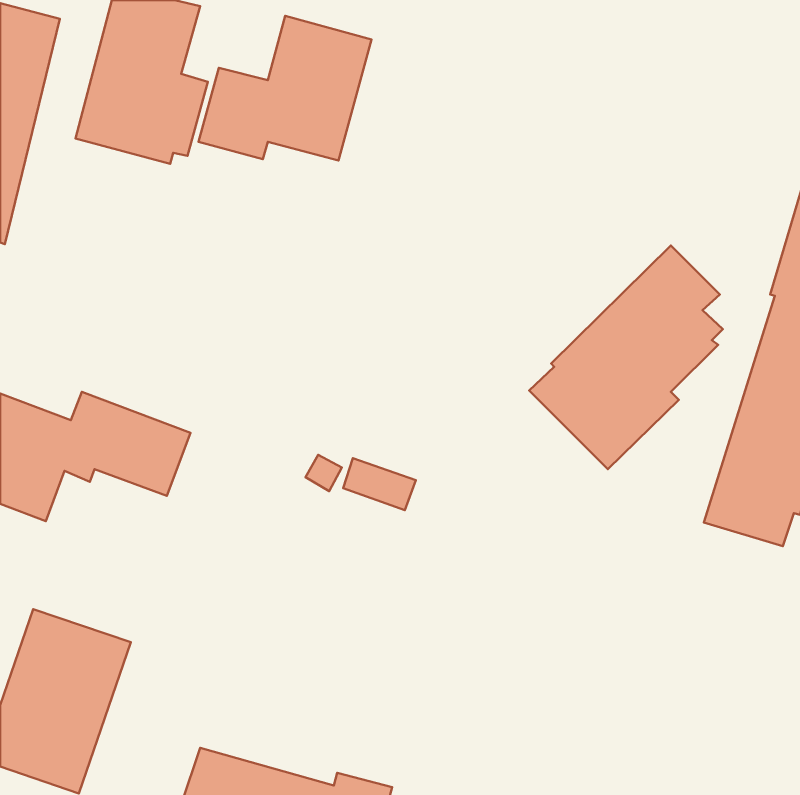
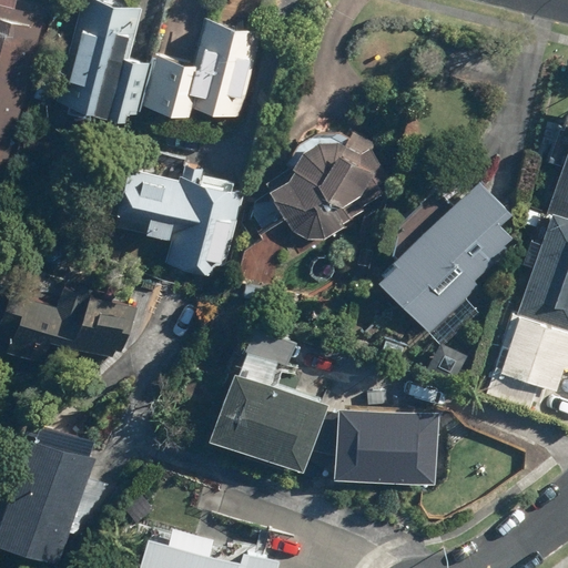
building: none -> [252,134,392,242]
building: none -> [111,170,245,278]
building: none -> [205,368,327,474]
building: none -> [331,406,439,487]

